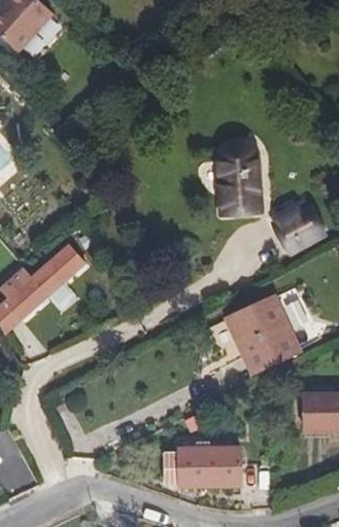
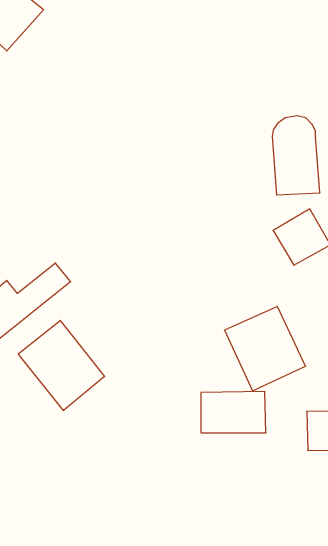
building: [216,139,262,214] -> [272,116,320,195]
building: none -> [18,320,105,411]
building: [179,447,241,486] -> [201,392,266,433]

